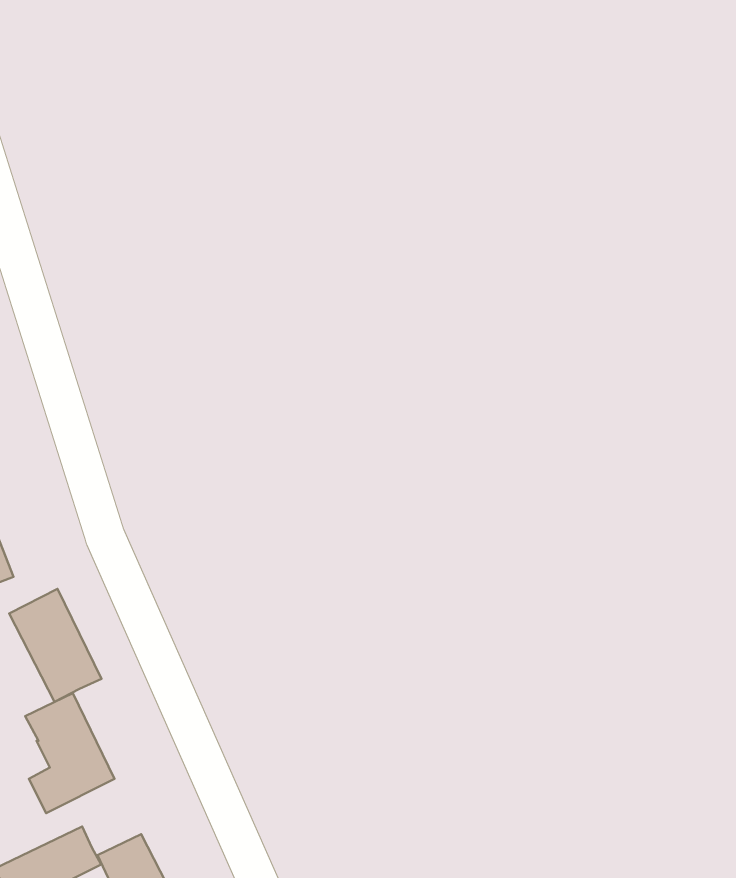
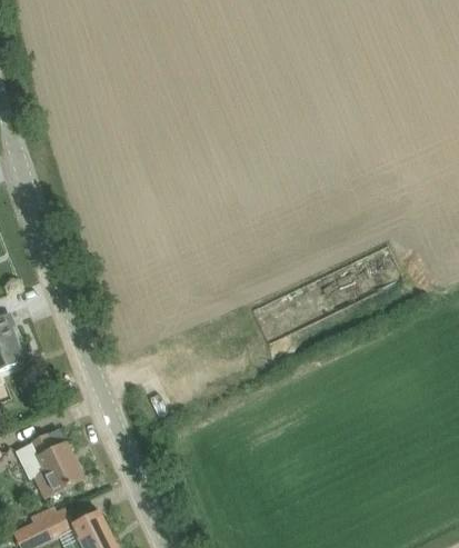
building: [9,589,102,702] -> none

